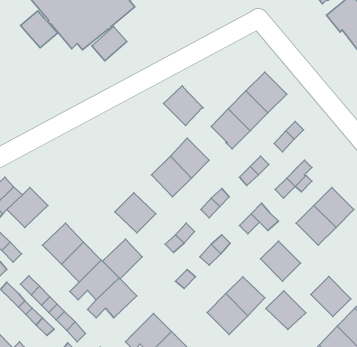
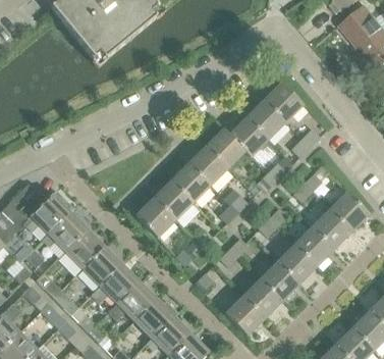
building: [20,11,58,48] -> none
building: [92,26,127,61] -> none
building: [163,86,203,126] -> [205,129,243,167]
building: none -> [153,182,190,219]
building: none -> [41,211,87,250]
building: [102,239,142,279] -> [133,299,172,338]
building: [311,277,351,317] -> [293,228,332,267]
building: [266,291,306,330] -> [259,263,297,301]

